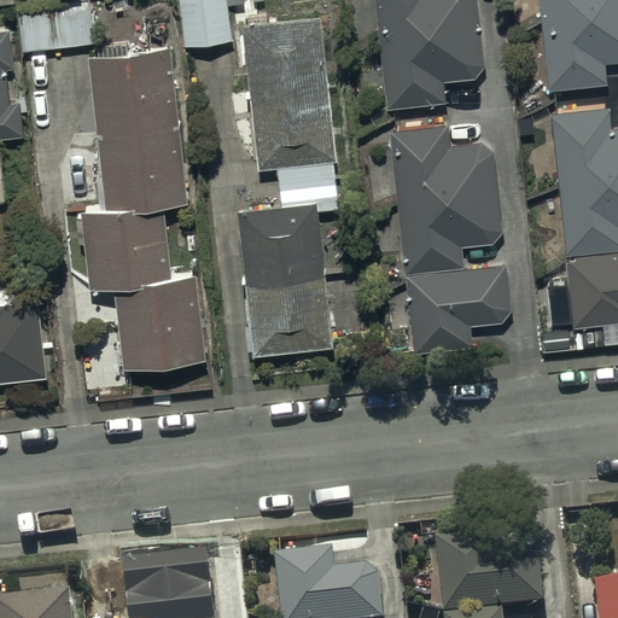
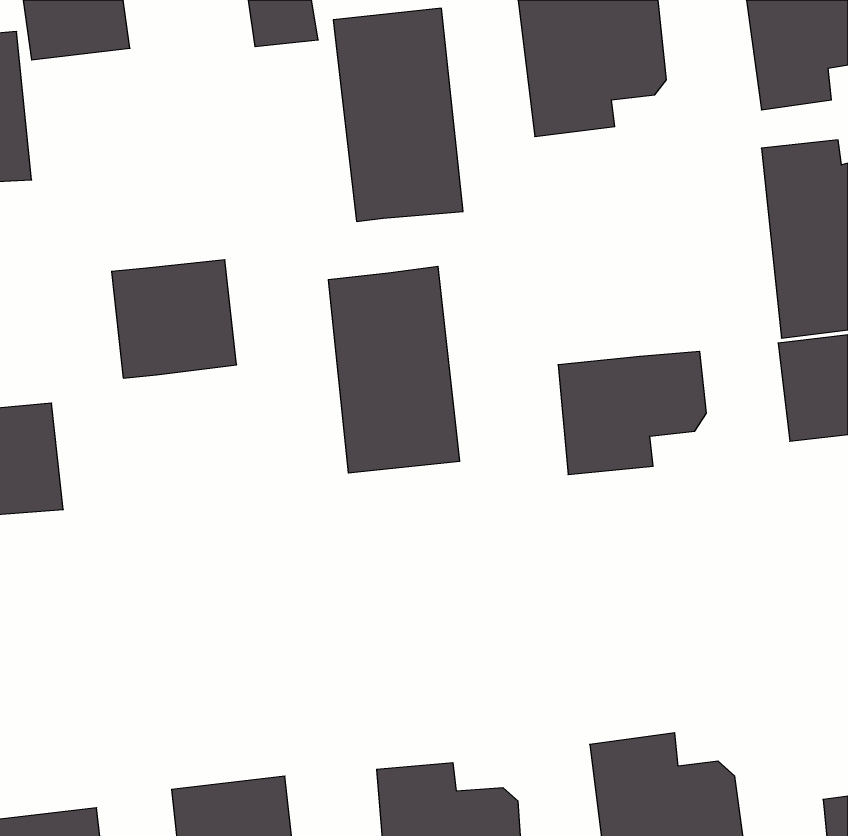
building: [89,47,187,205] -> none
building: [387,124,502,275] -> none
building: [278,164,339,209] -> none
building: [113,273,205,367] -> none

